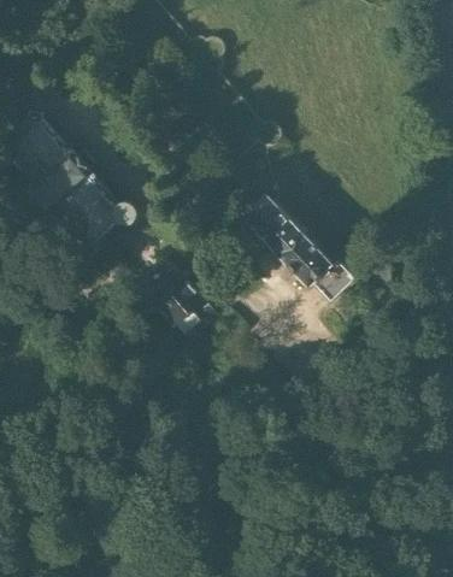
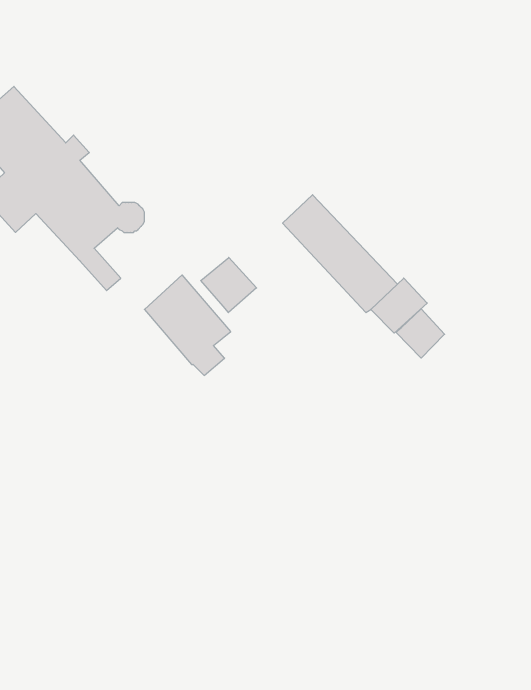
building: none -> [201,257,257,313]
building: none -> [396,309,445,358]

